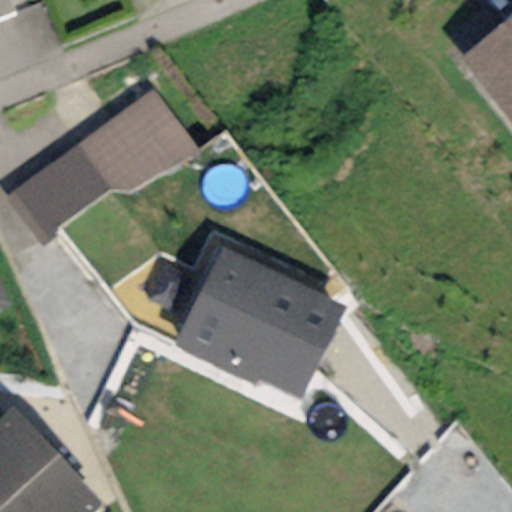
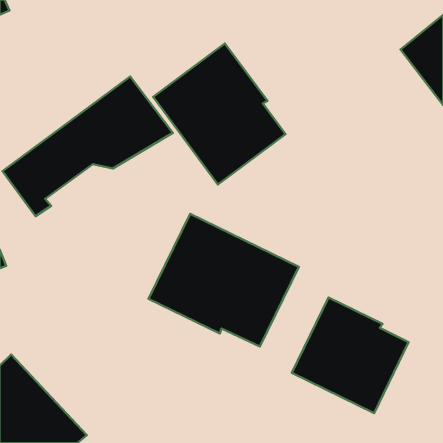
building: none -> [153,43,285,184]
building: none -> [292,297,409,413]

